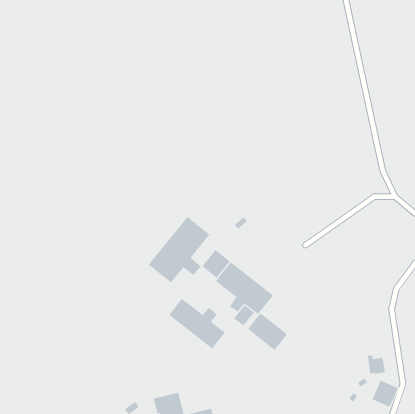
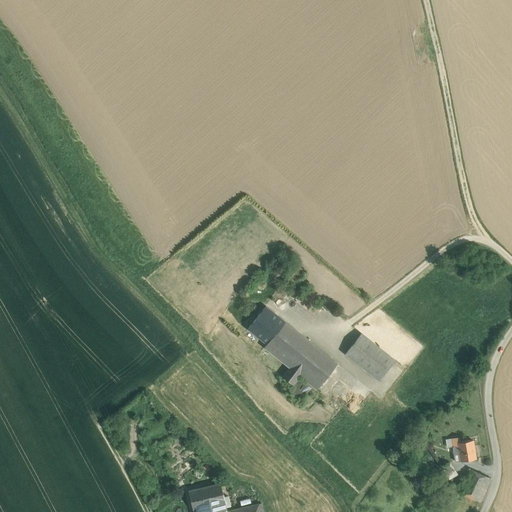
building: [148,216,210,283] -> none
building: [168,298,226,350] -> none
building: [247,313,288,351] -> [345,334,395,381]

